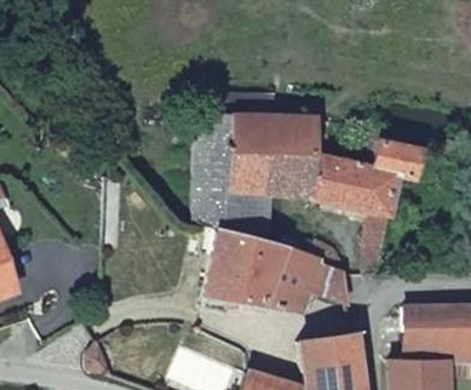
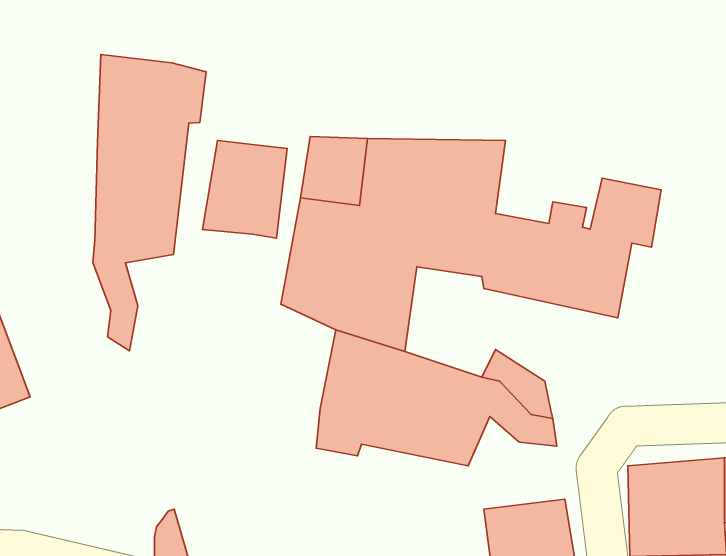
building: none -> [93,55,206,351]
building: none -> [202,140,287,238]

